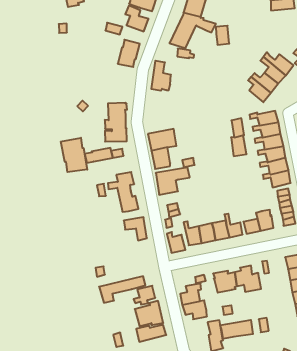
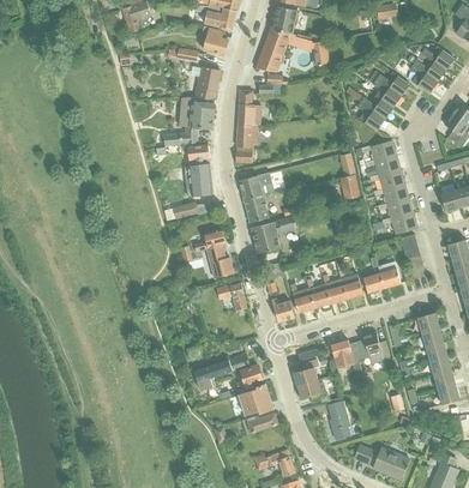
building: none -> [163,96,215,144]
building: none -> [235,123,257,163]
building: [61,138,87,172] -> none
building: [220,320,253,339] -> none

